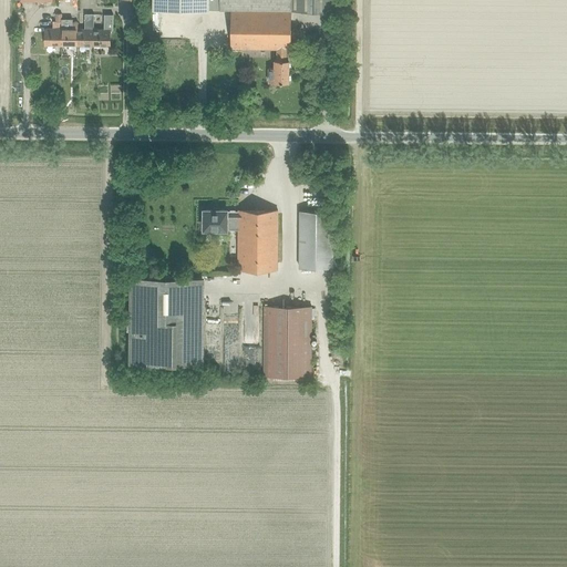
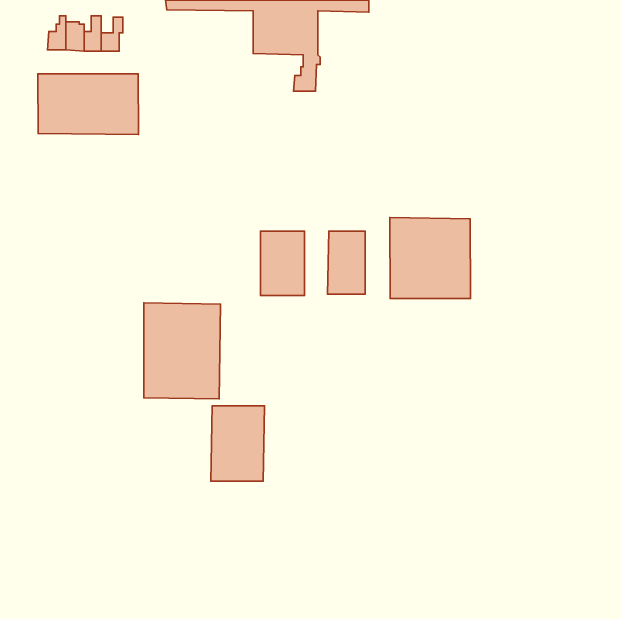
building: none -> [38,74,138,134]
building: none -> [390,218,470,298]
building: [200,213,237,233] -> none
building: [262,309,311,378] -> [211,406,264,481]

